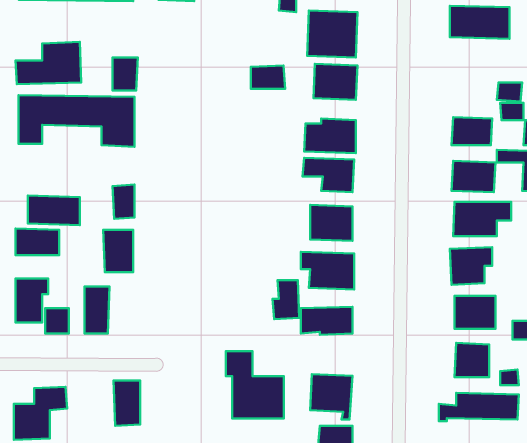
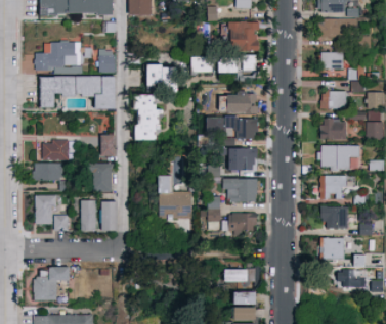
building: none -> [321,52,344,70]
building: none -> [140,63,175,87]
building: none -> [130,94,160,140]
building: [226,351,284,418] -> [156,176,194,220]
building: [114,380,140,426] -> [98,201,116,231]

